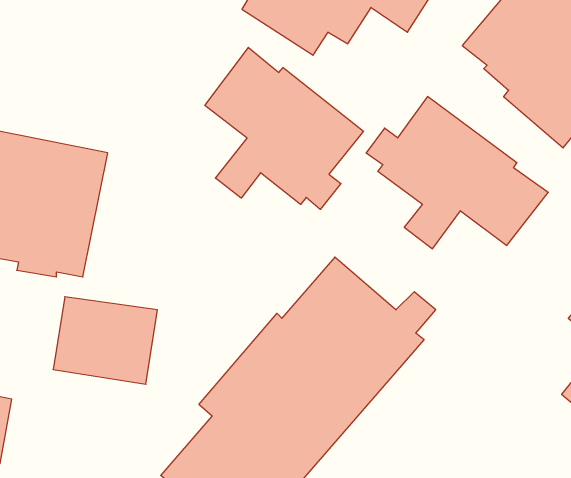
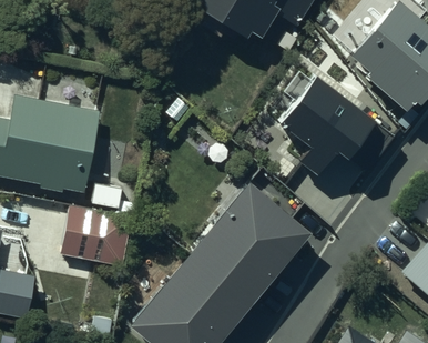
building: [205,47,363,209] -> none

